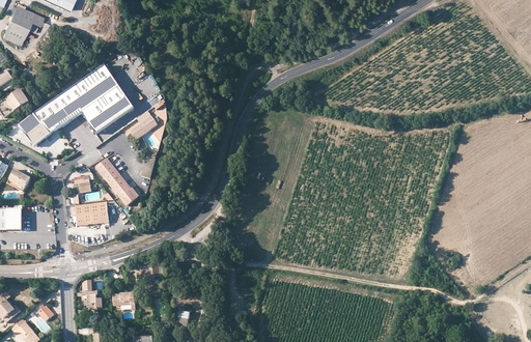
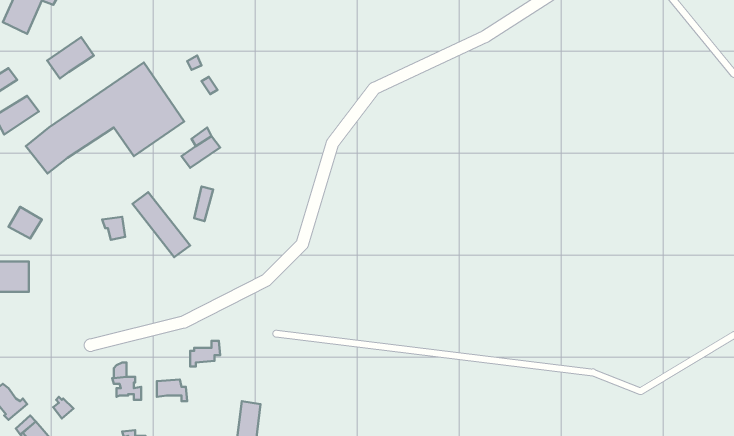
building: none -> [47,37,94,79]
building: [75,202,108,226] -> none

